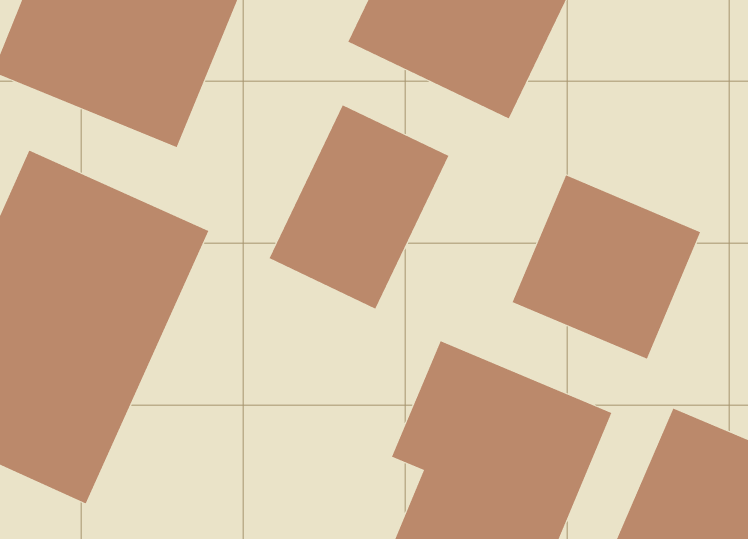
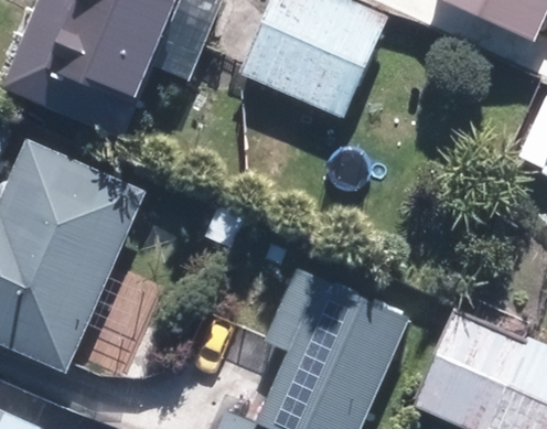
building: [269,104,449,309] -> none
building: [512,175,701,359] -> none

